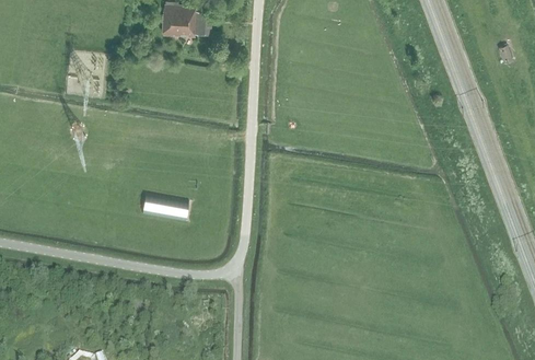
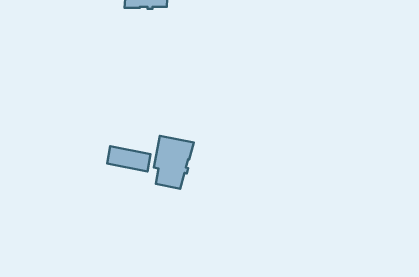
building: none -> [154,136,194,189]

